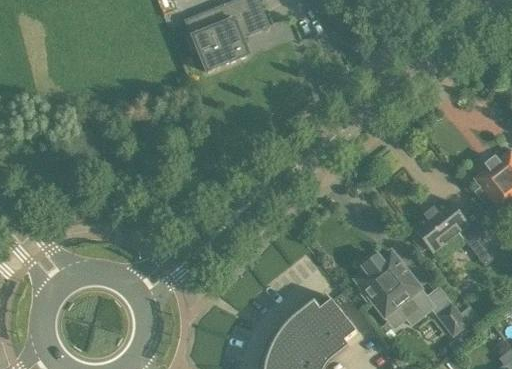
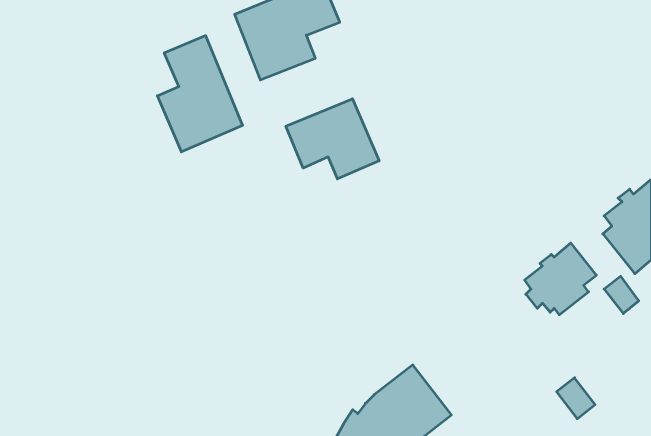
building: none -> [157,36,243,152]
building: none -> [286,99,379,179]
building: [354,249,433,323] -> none

